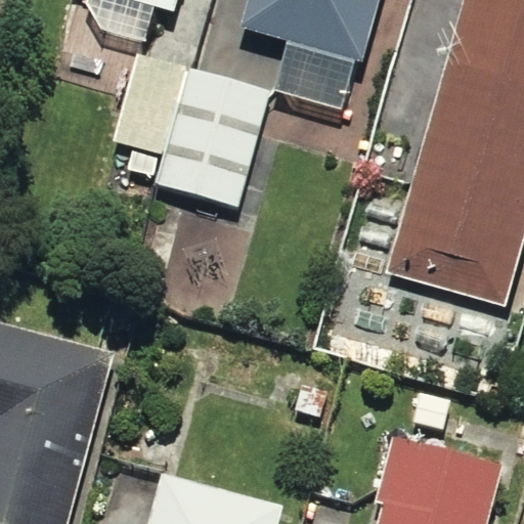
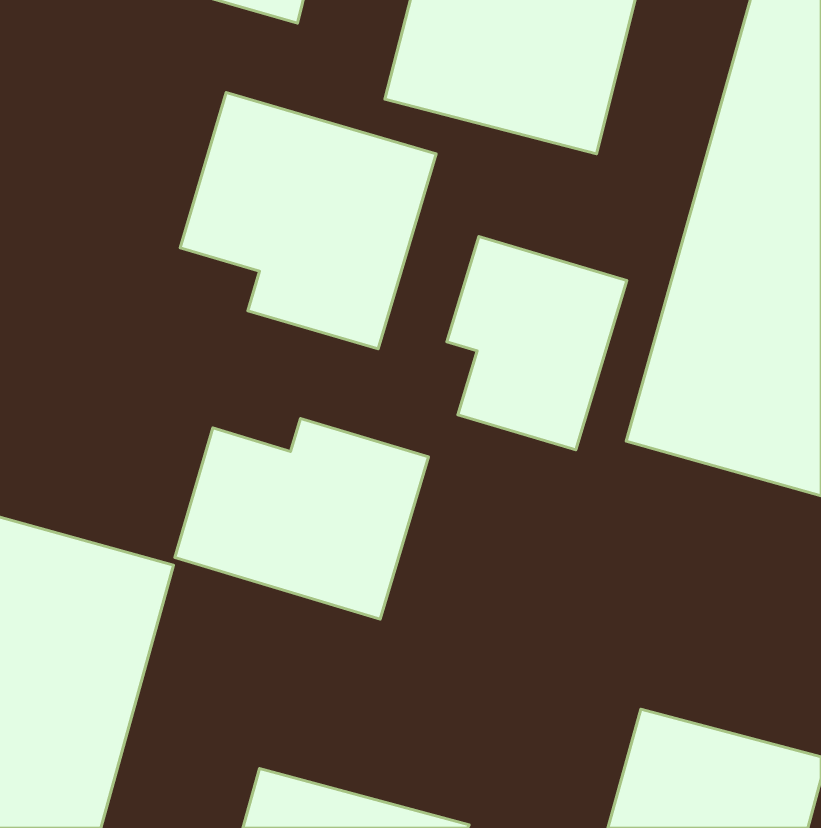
building: none -> [447,237,627,450]
building: none -> [175,418,428,619]

